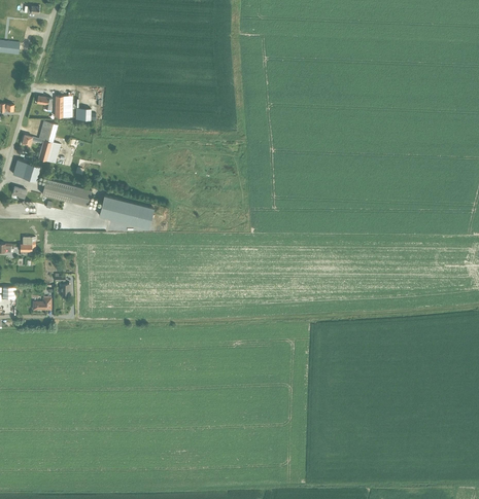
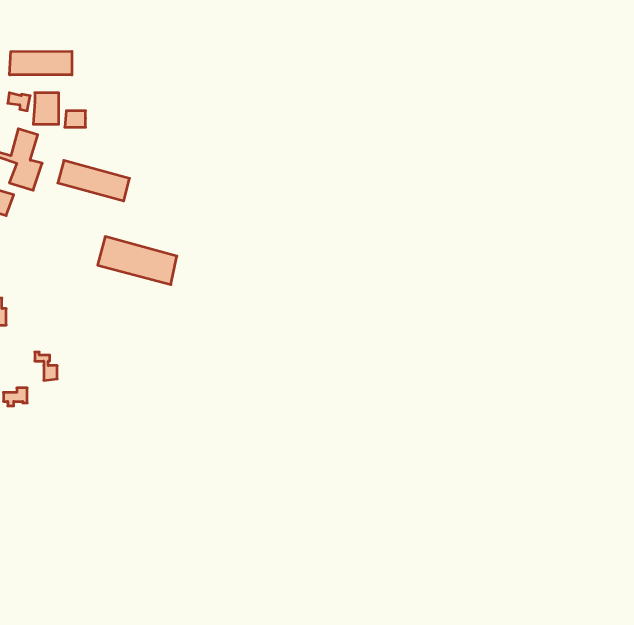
building: none -> [10,51,72,75]
building: [41,178,91,206] -> [58,160,130,201]

